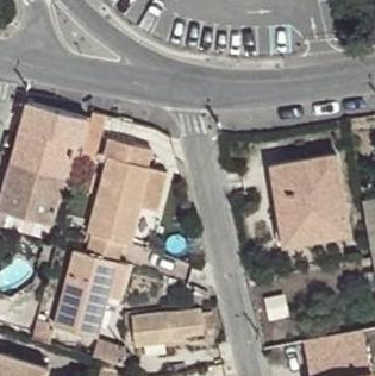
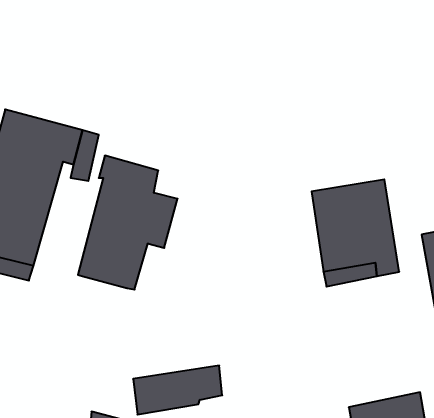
building: [54,236,129,338] -> none

